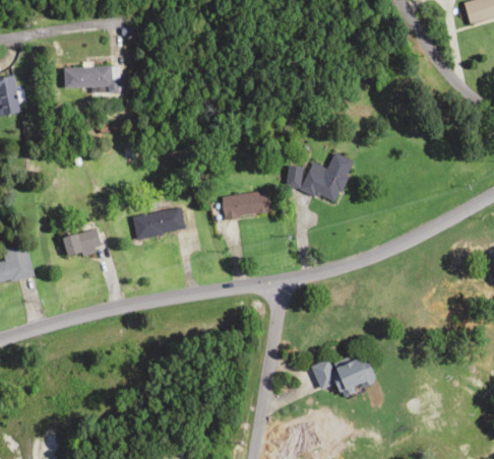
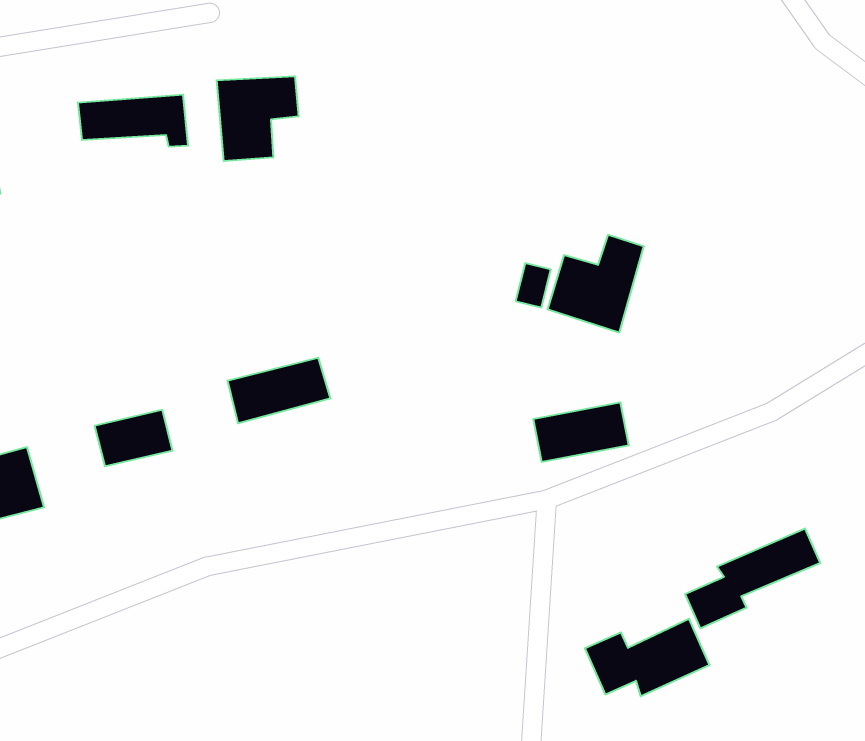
building: none -> [217,76,298,161]
building: [221,190,269,218] -> [533,402,629,462]
building: none -> [685,528,820,628]

